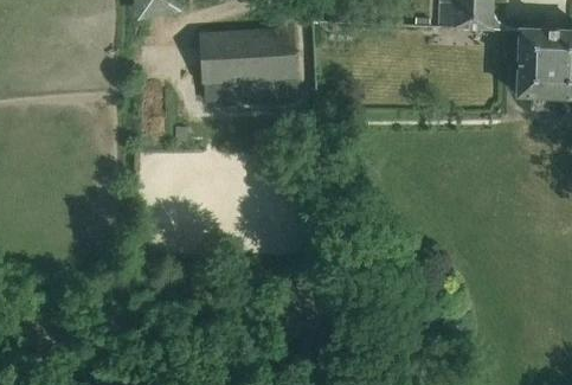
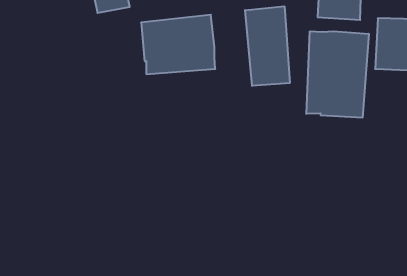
building: none -> [245,6,290,86]
building: none -> [306,31,369,118]

